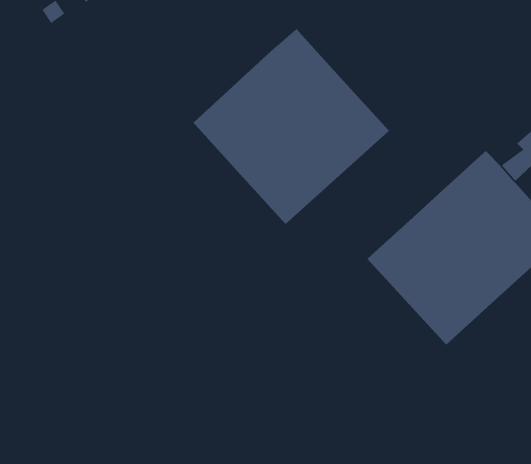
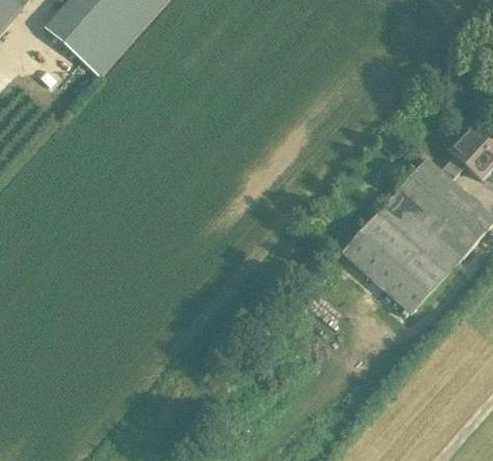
building: [192,27,390,225] -> none

